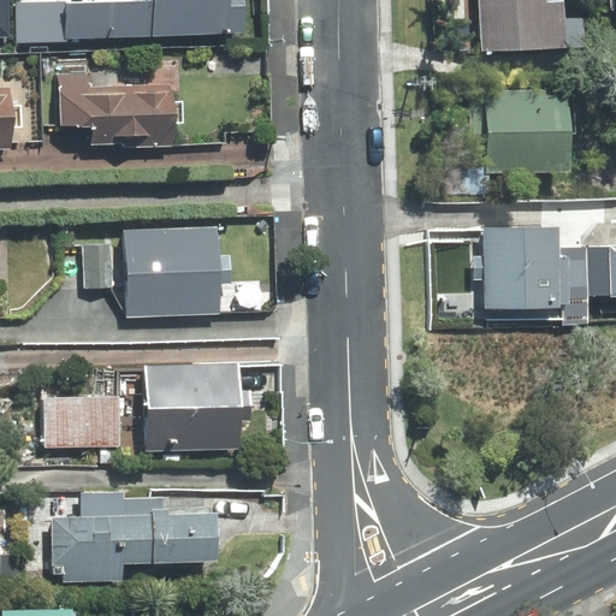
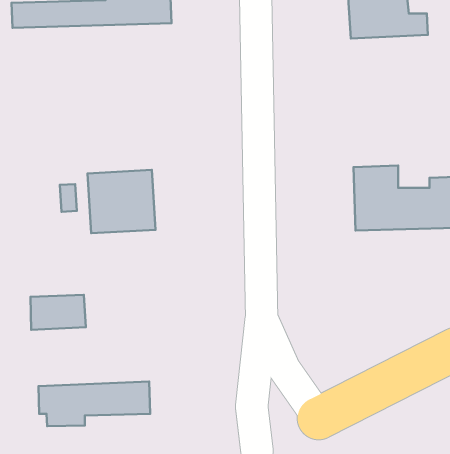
building: [61,76,168,144] -> none
building: [469,88,569,173] -> none
building: [148,365,238,448] -> none

